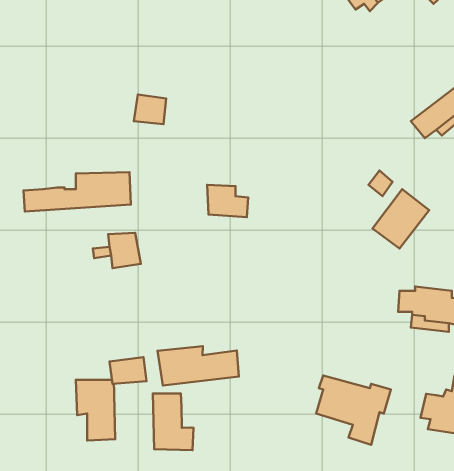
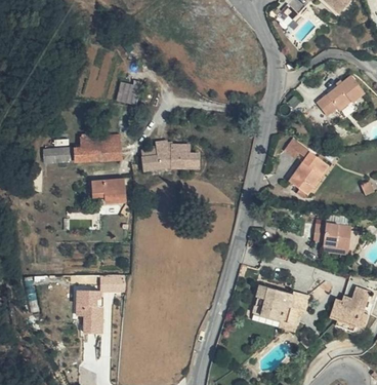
building: none -> [142,143,172,168]
building: [157,346,239,385] -> none
building: [153,393,193,450] -> none

